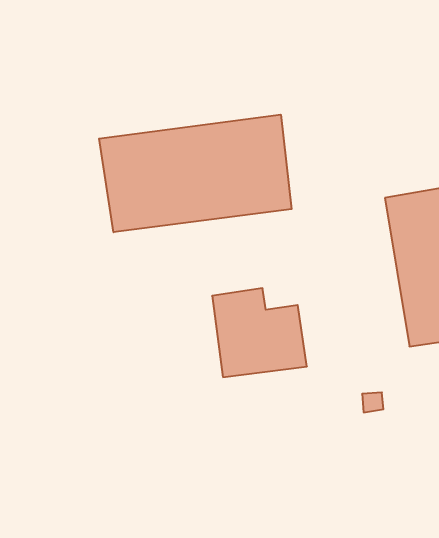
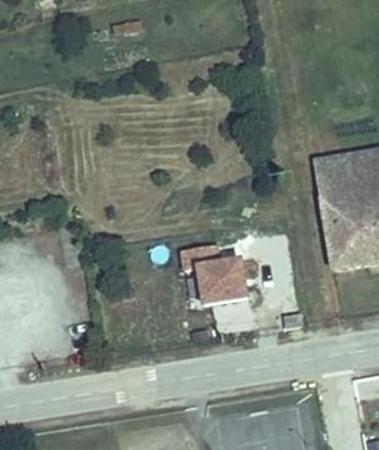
building: [99,115,292,232] -> none

